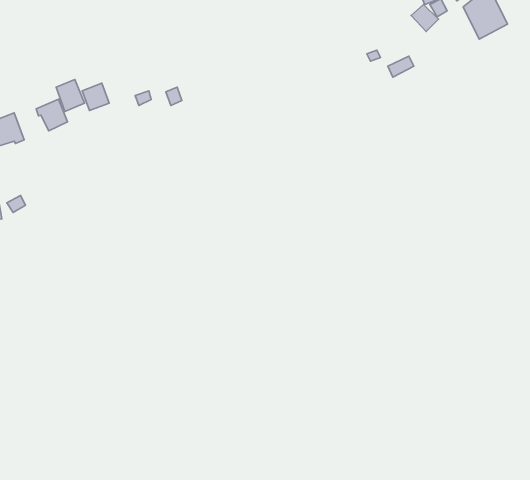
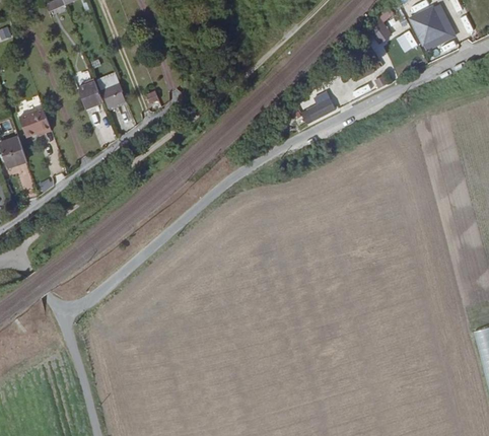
building: none -> [300,86,336,123]
building: [36,99,68,131] -> none

